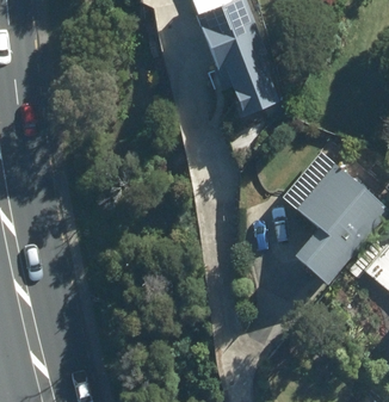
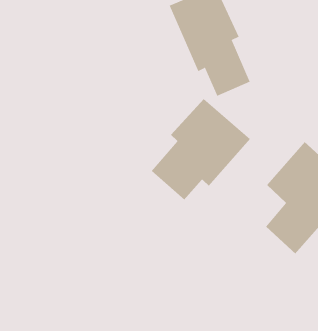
building: none -> [151,98,251,200]

